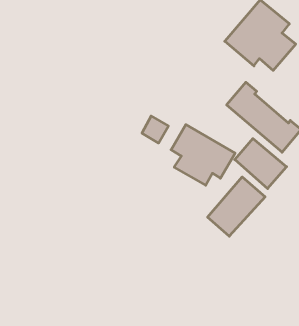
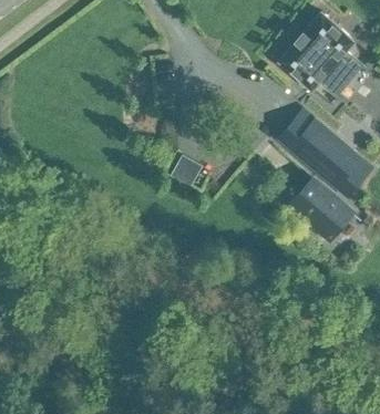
building: [171,125,235,185] -> none
building: [208,177,265,236] -> none

